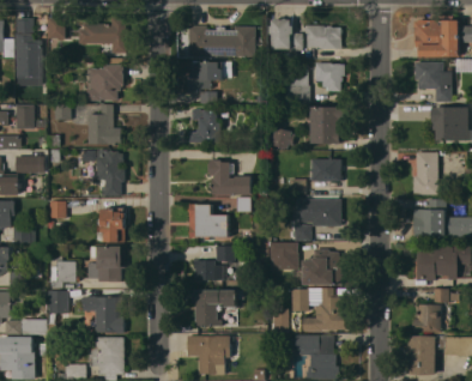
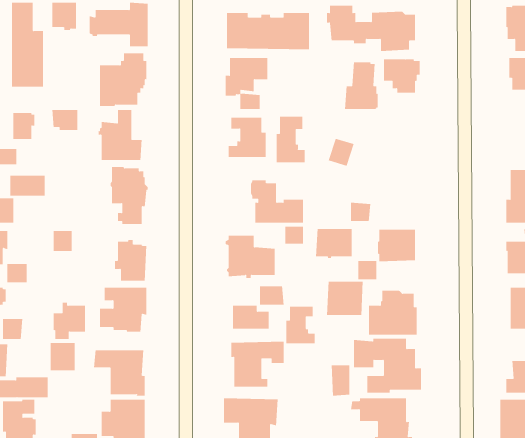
building: [310,107,345,144] -> none
building: none -> [276,116,305,163]
building: [310,159,340,183] -> [315,229,353,258]
building: none -> [286,306,315,344]

